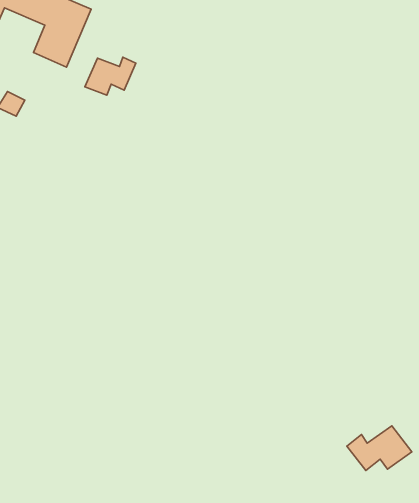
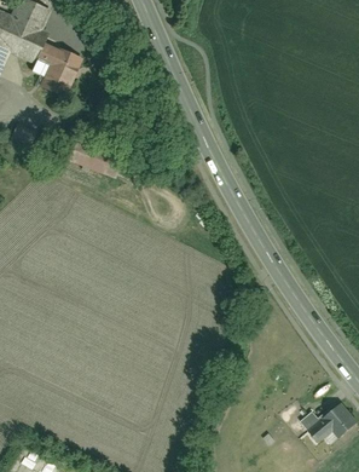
building: [85,57,136,95] -> none

